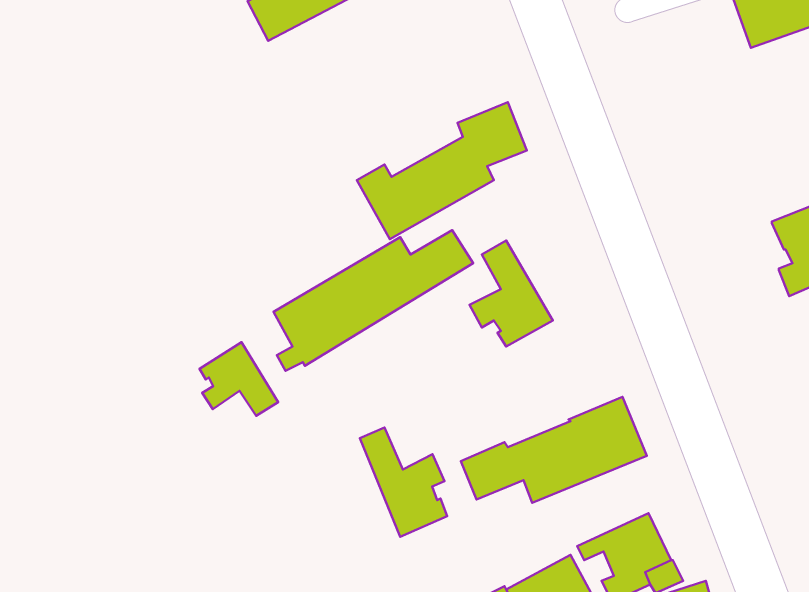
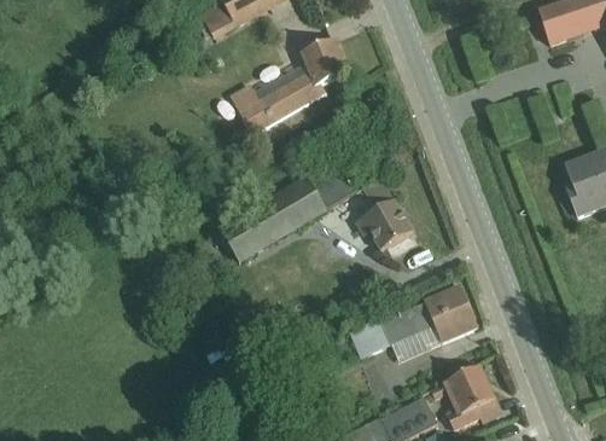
building: [357,102,527,239] -> [231,39,349,134]
building: [200,342,278,416] -> none
building: [360,428,447,537] -> none

